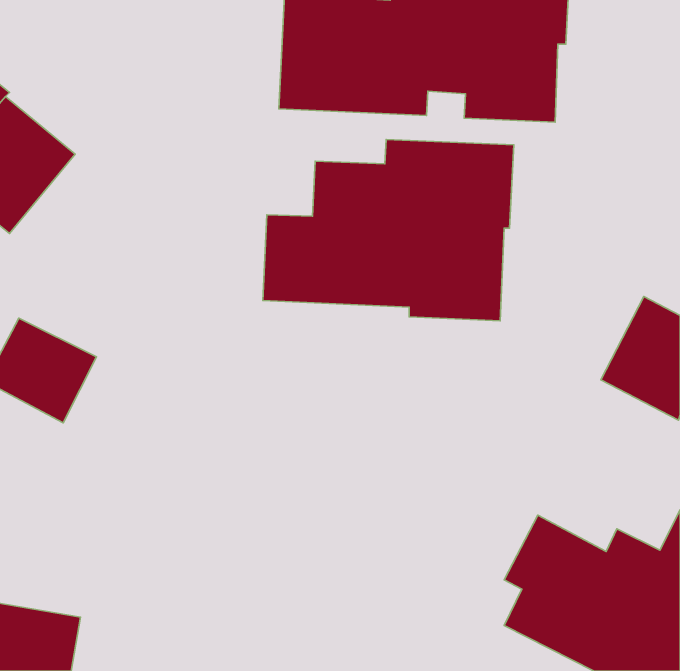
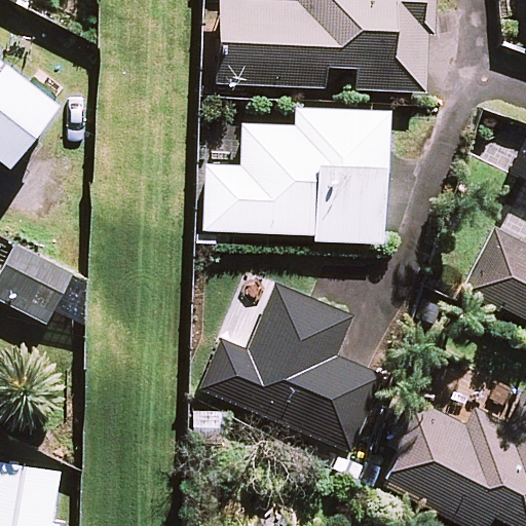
building: none -> [198,284,383,449]

